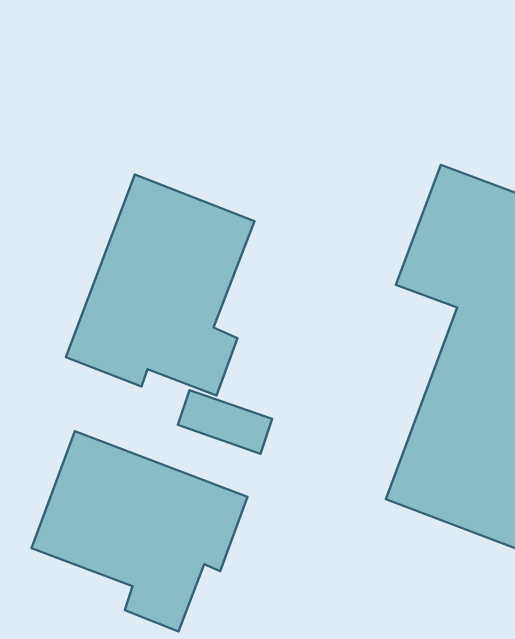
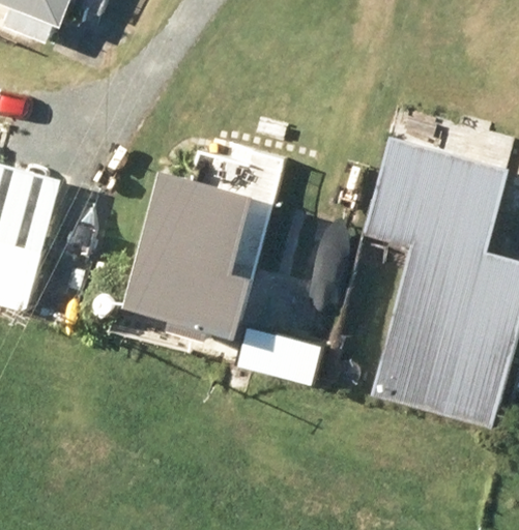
building: [31,431,248,632] -> none

